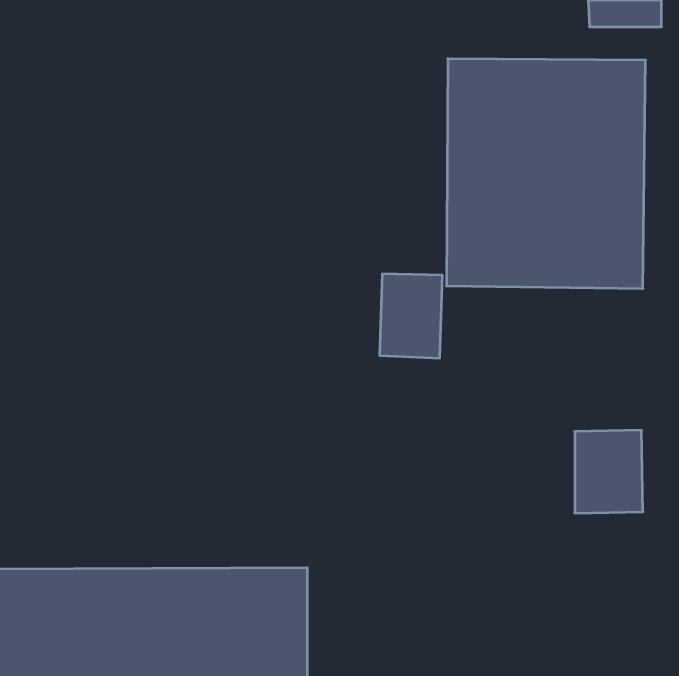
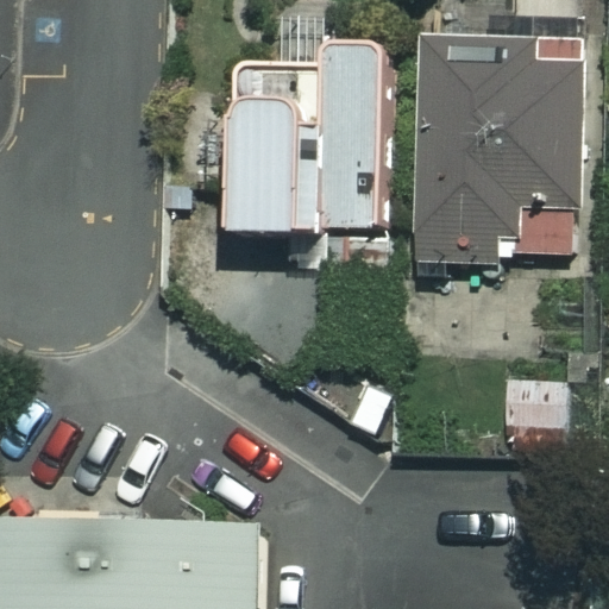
building: none -> [245,44,387,238]

